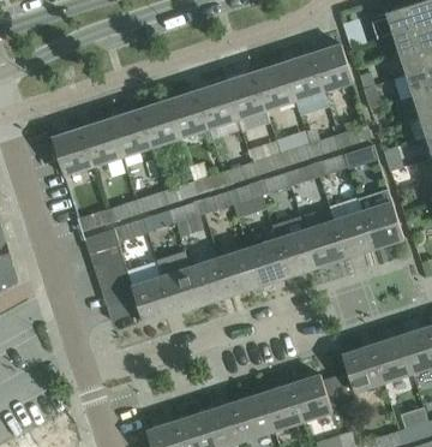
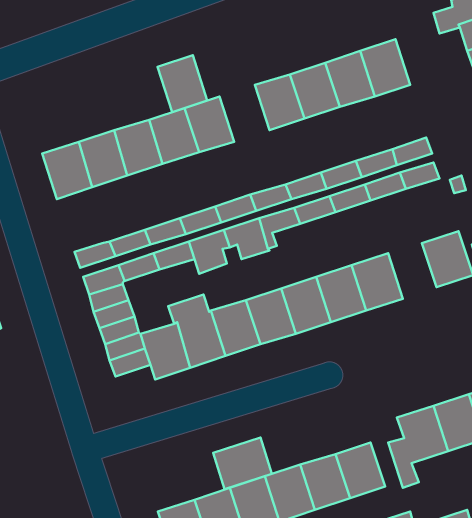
building: [197,82,238,129] -> [157,55,207,112]
building: [335,211,374,257] -> none
building: none -> [213,438,272,489]

